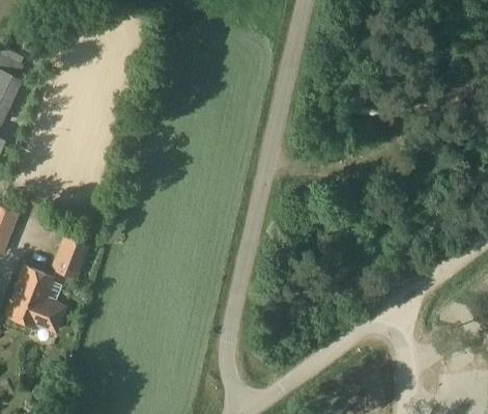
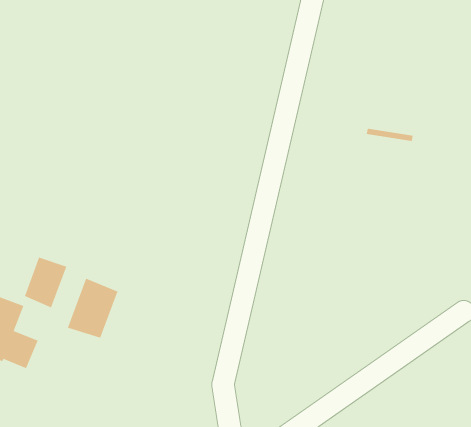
building: none -> [67,278,118,338]

